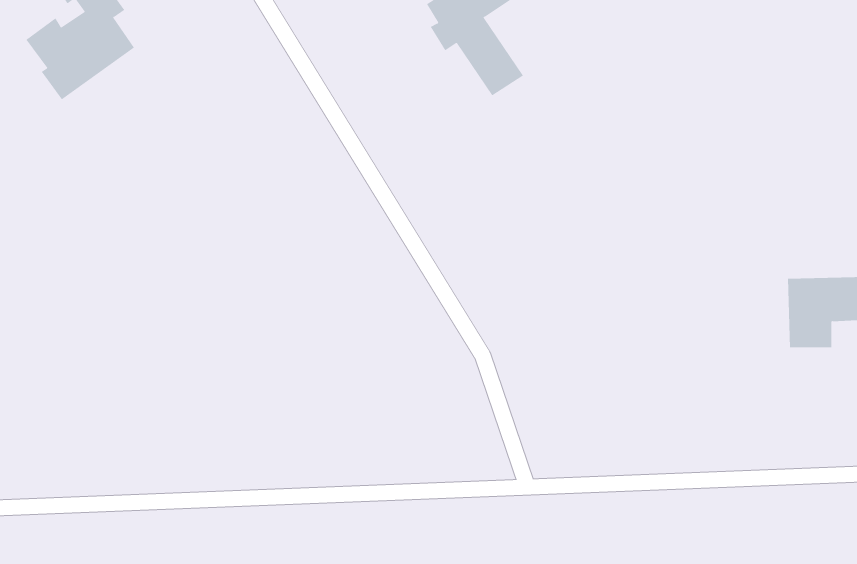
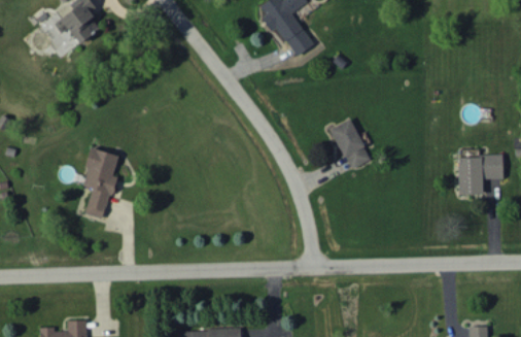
building: none -> [331,119,370,169]
building: none -> [81,147,117,218]

